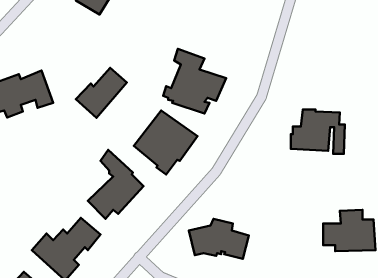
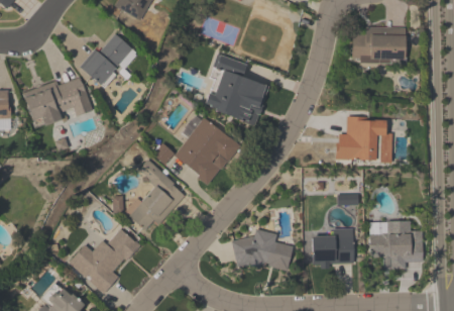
building: none -> [351,26,406,64]
building: [76,68,127,118] -> [80,33,132,85]
building: none -> [312,228,354,269]

